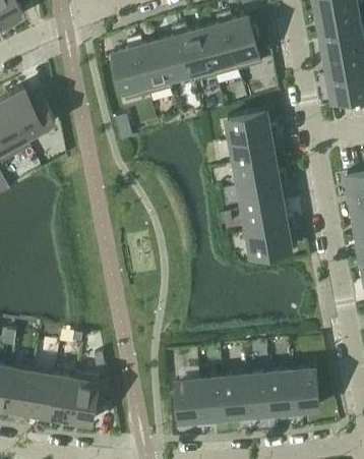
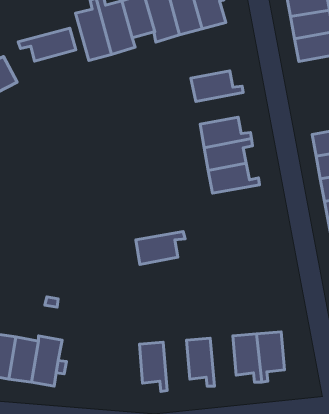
building: none -> [18,28,76,61]
building: [231,132,279,164] -> none
building: [247,224,296,256] -> [136,232,185,265]
building: [245,374,270,423] -> none
building: [198,378,225,427] -> none

